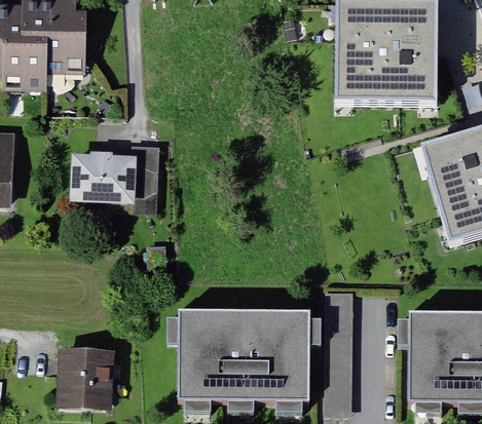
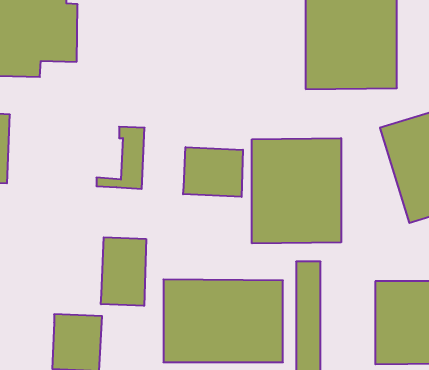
building: [72,152,137,202] -> none
building: none -> [252,138,341,243]
building: none -> [183,147,243,197]
building: none -> [101,237,146,306]

